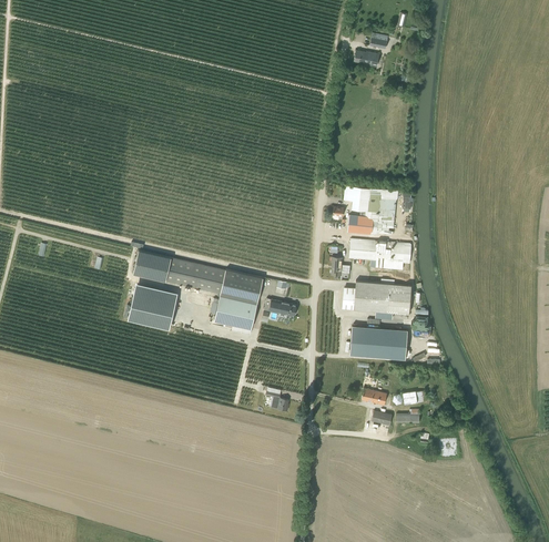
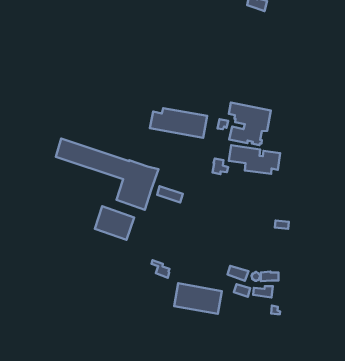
building: [342,282,411,314] -> [150,108,207,138]
building: [128,290,175,329] -> [95,206,134,240]
building: [349,326,407,359] -> [174,283,222,314]

